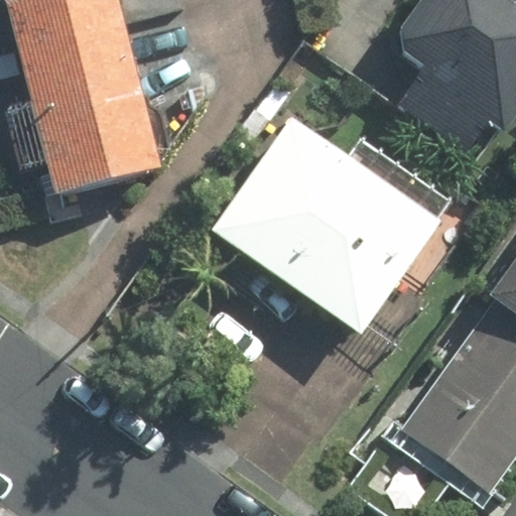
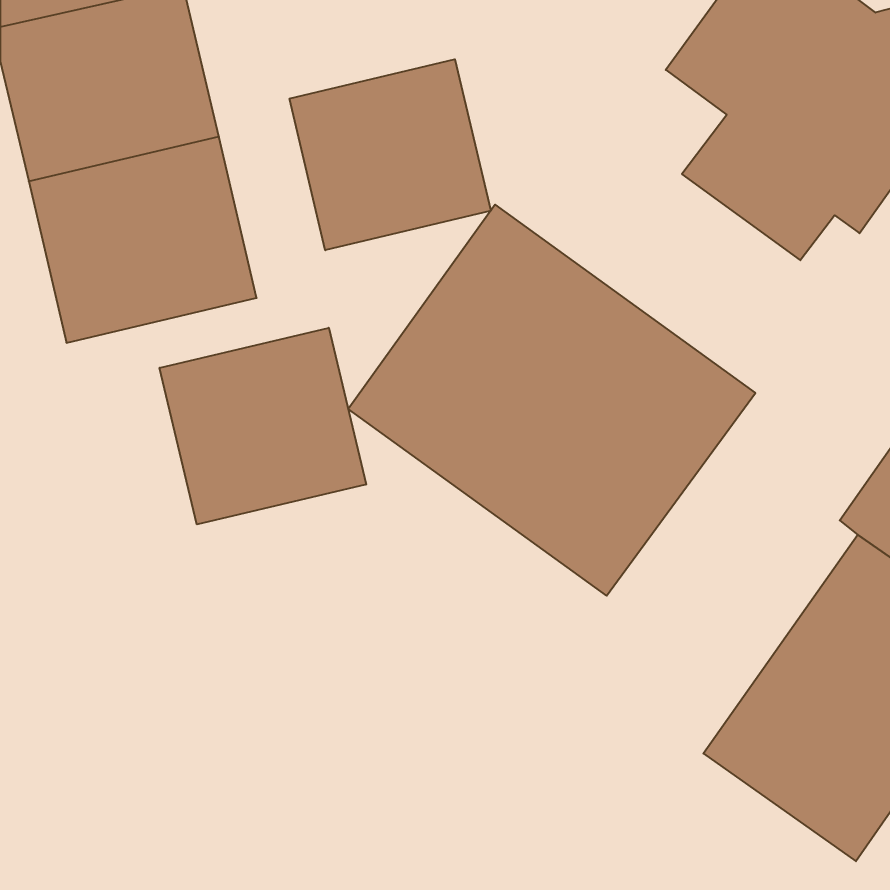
building: none -> [290,59,491,250]
building: none -> [160,328,366,524]

